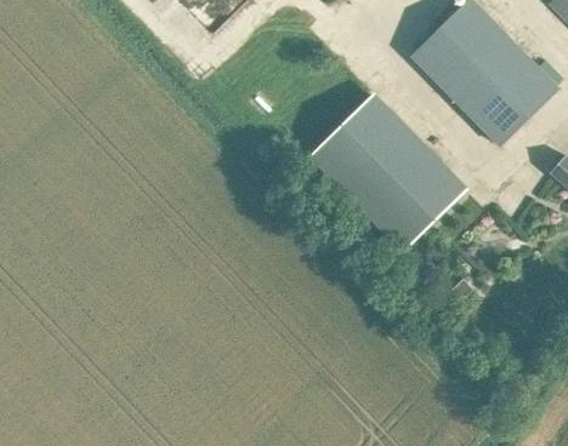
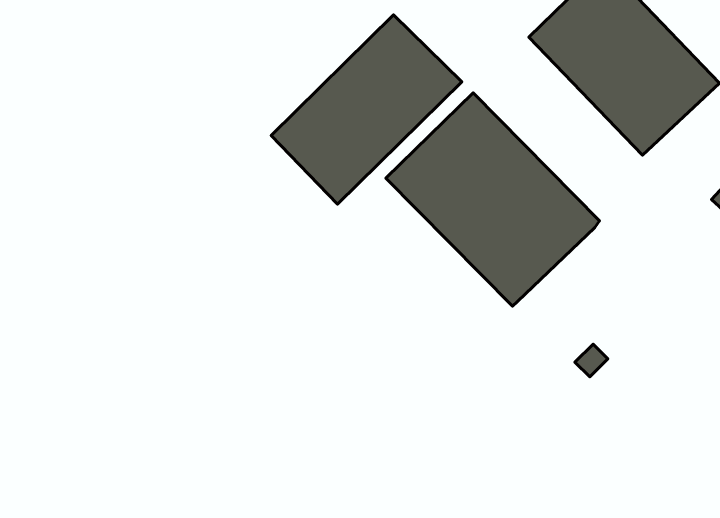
building: none -> [271,15,462,204]

